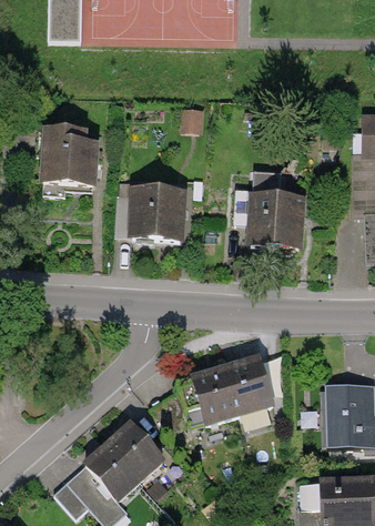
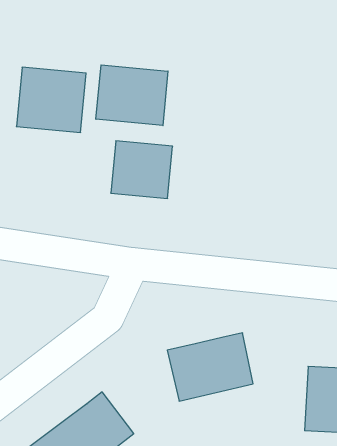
building: none -> [96,65,168,126]
building: [246,192,303,246] -> none

